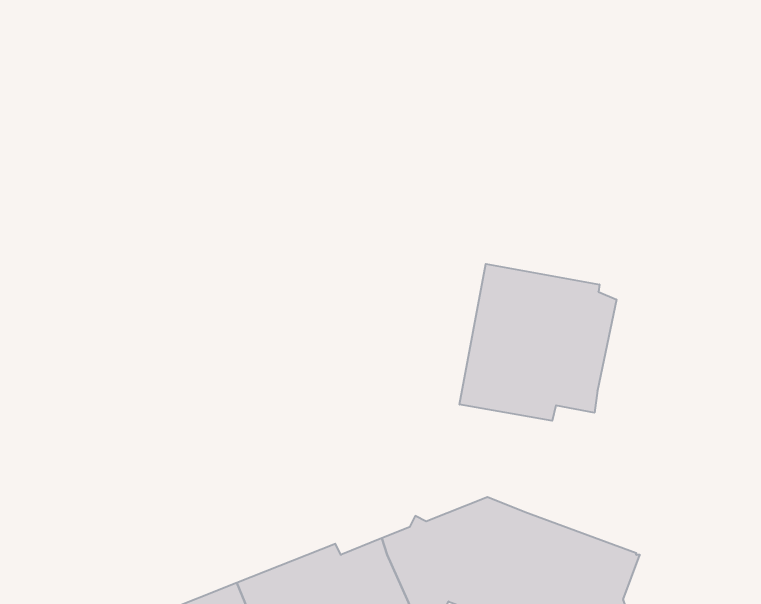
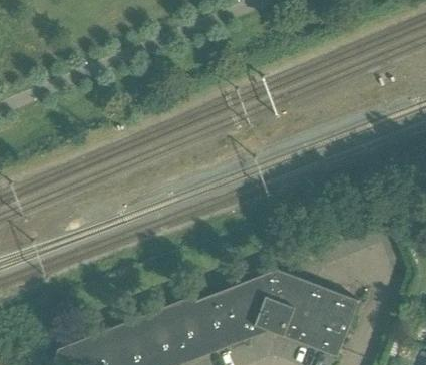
building: [460,264,616,421] -> none

